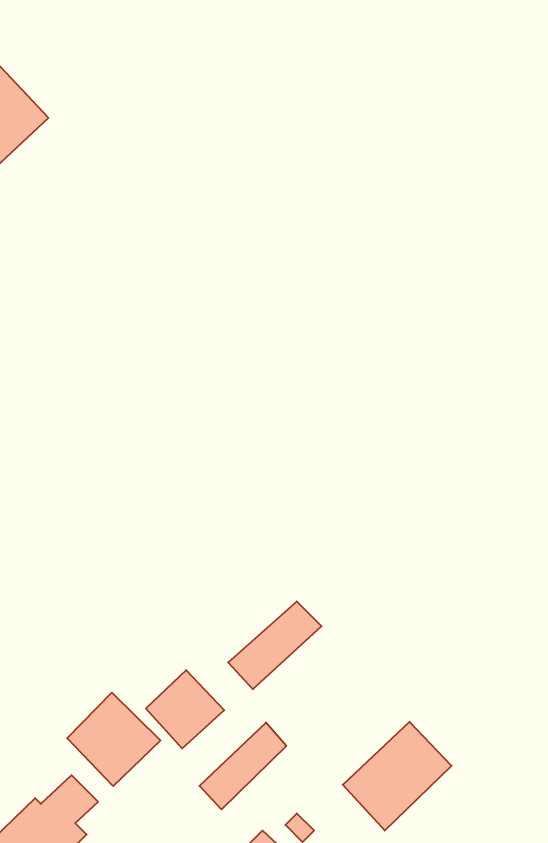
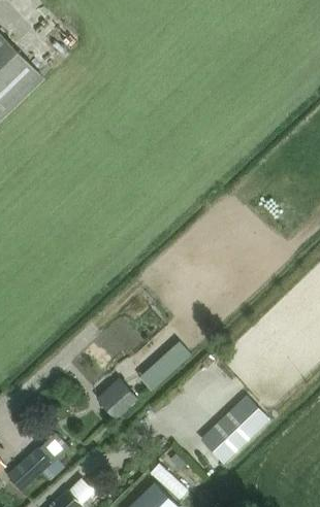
building: [67,693,160,786] -> none
building: [199,722,286,809] -> none

